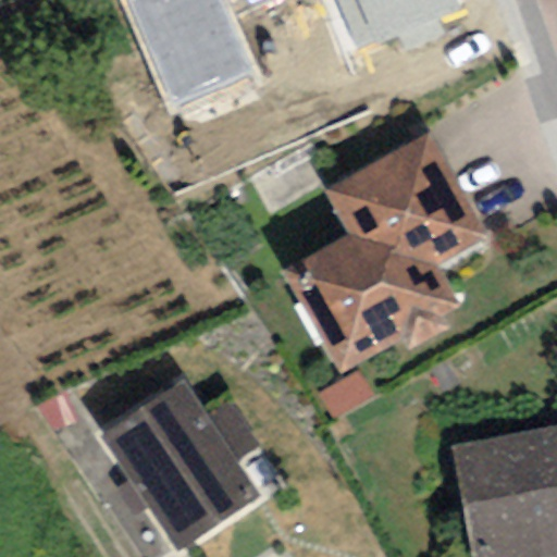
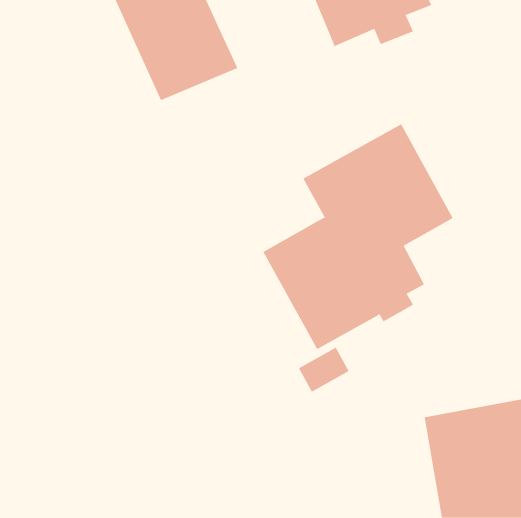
building: [101,377,264,548] -> none

